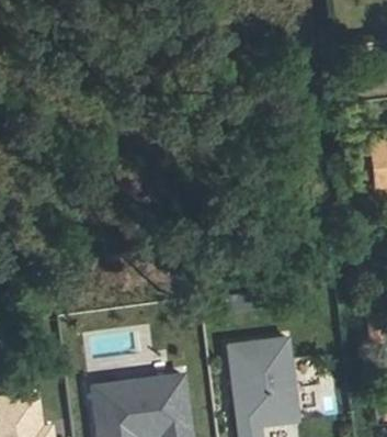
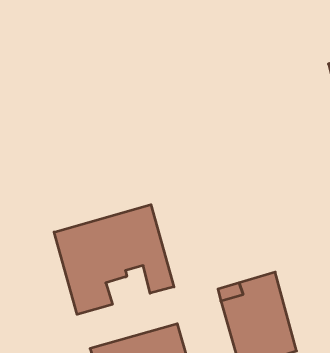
building: none -> [54,205,174,314]

